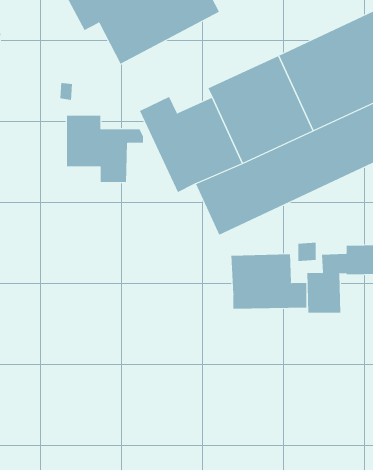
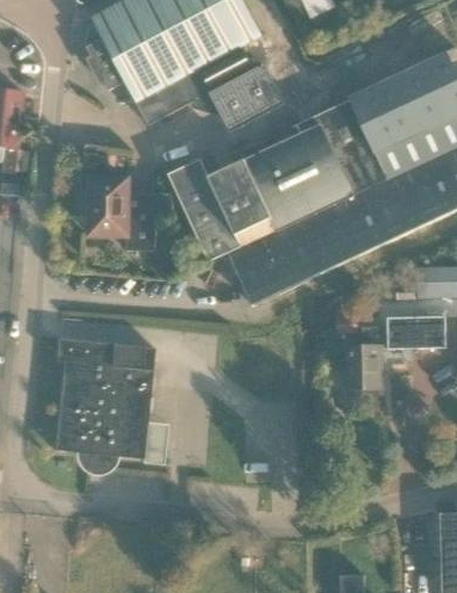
building: none -> [192,67,282,131]
building: [231,253,307,310] -> none
building: none -> [53,334,161,465]

